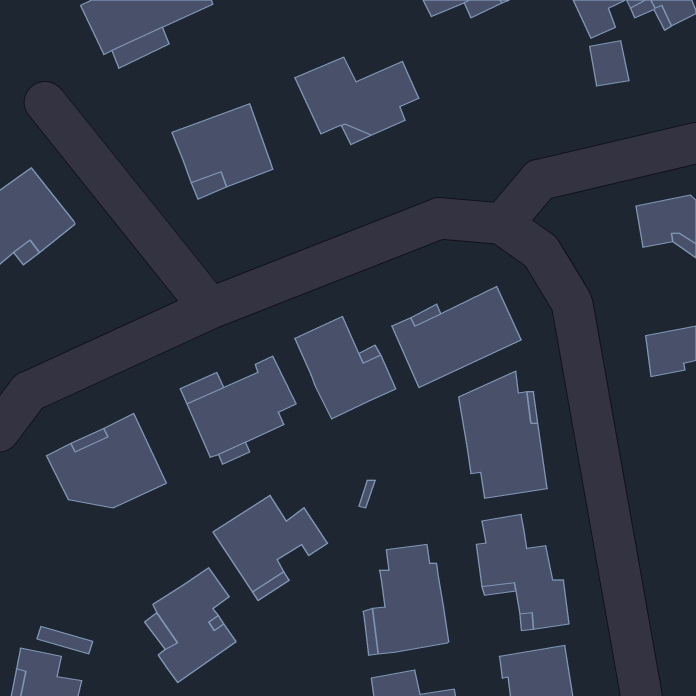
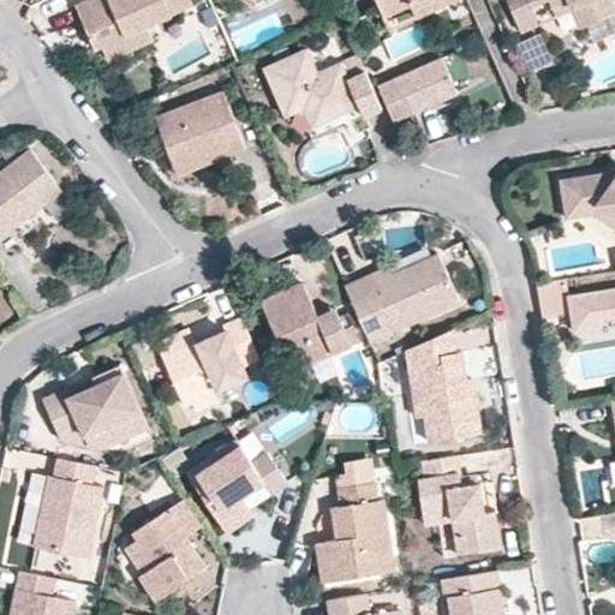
building: none -> [381,65,458,139]
building: none -> [32,459,101,556]

